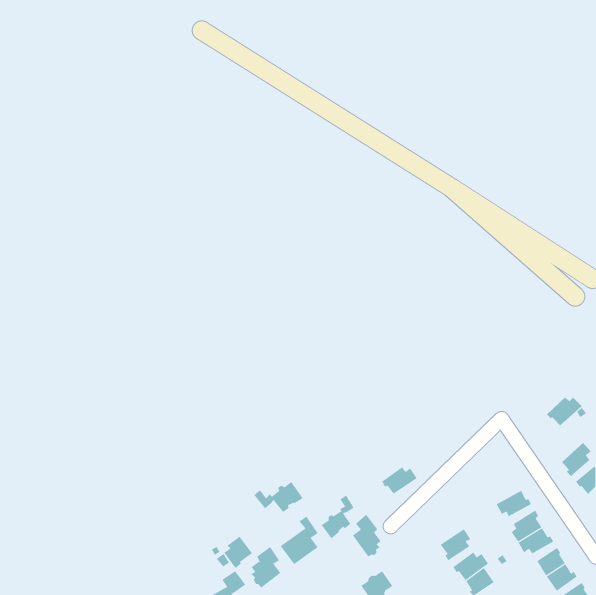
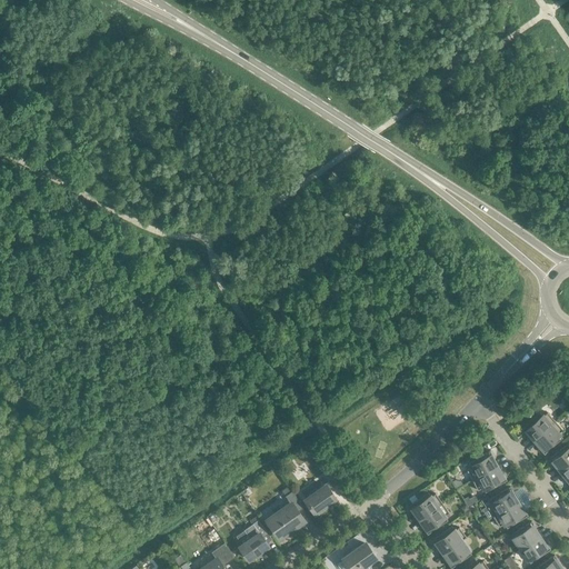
building: [546,397,582,426] -> [521,413,556,441]
building: [381,466,418,494] -> [408,493,442,520]
building: none -> [466,451,497,481]
building: [253,481,303,513] -> none
building: [352,514,381,557] -> none
building: [223,536,253,569] -> none

